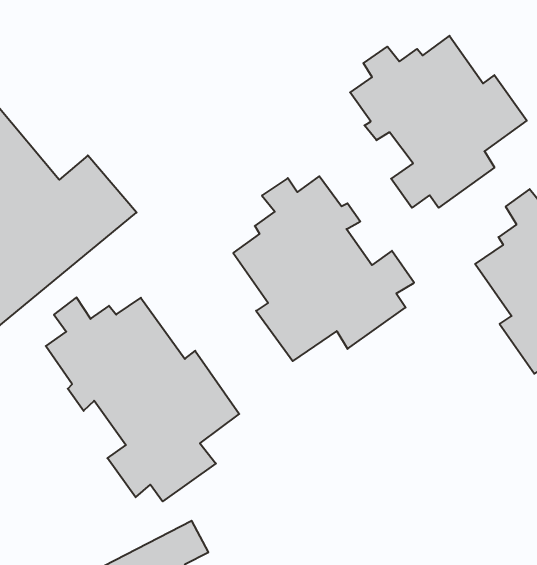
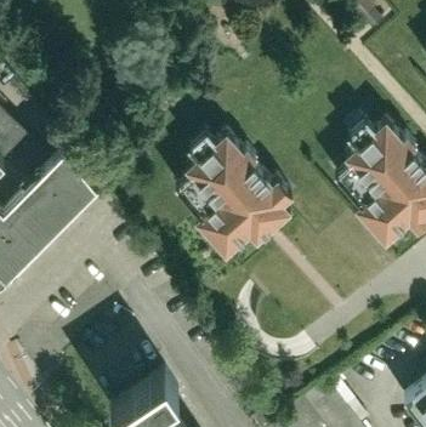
building: [350,36,527,208] -> none
building: [46,297,239,501] -> none

